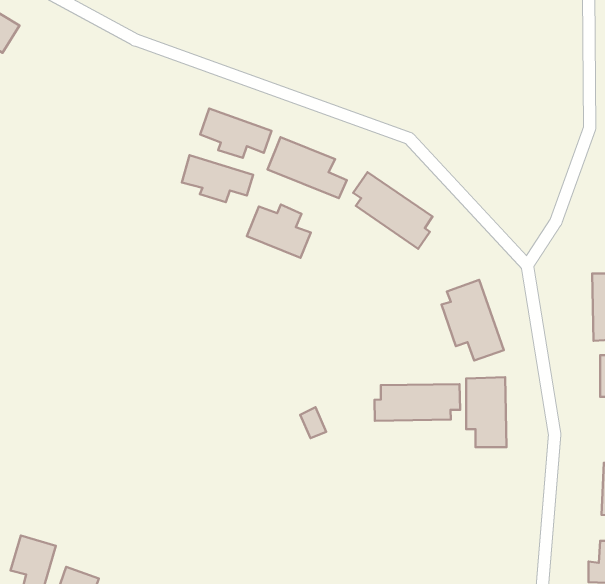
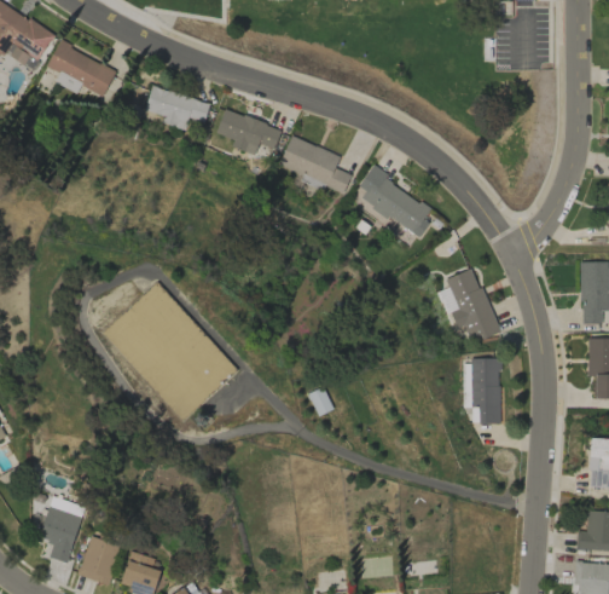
building: none -> [48,42,117,98]
building: [182,155,253,202] -> [145,86,211,129]
building: [247,204,311,258] -> none
building: [374,384,460,421] -> none

